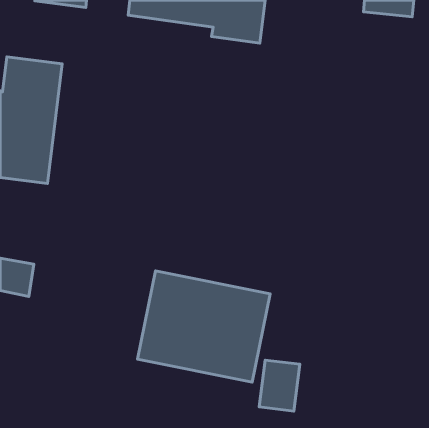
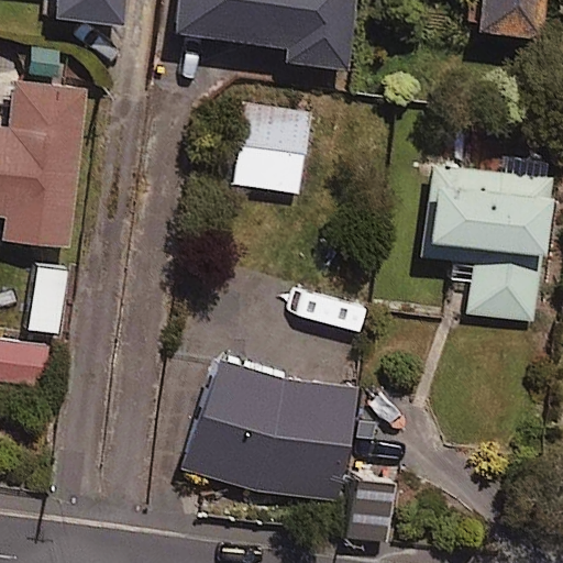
building: none -> [233,103,311,194]
building: none -> [421,165,552,323]

